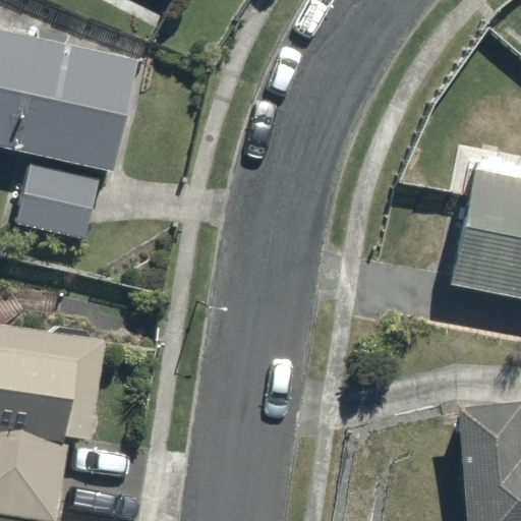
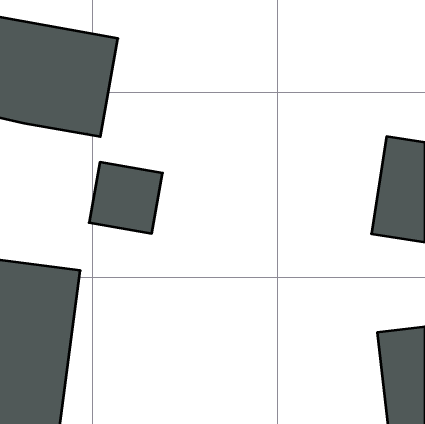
building: [16,155,106,241] -> [89,162,163,233]

